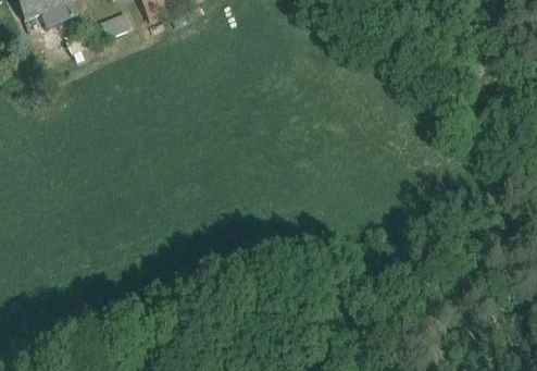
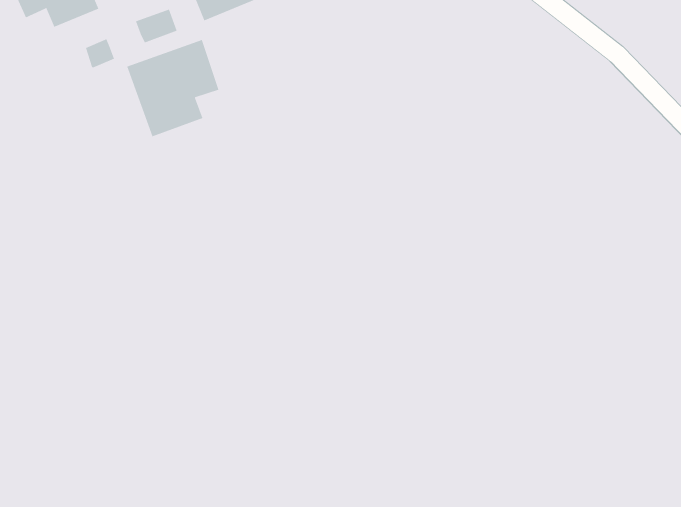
building: none -> [126,39,219,137]

